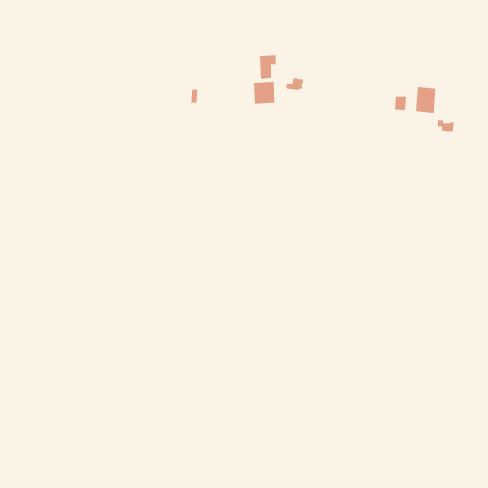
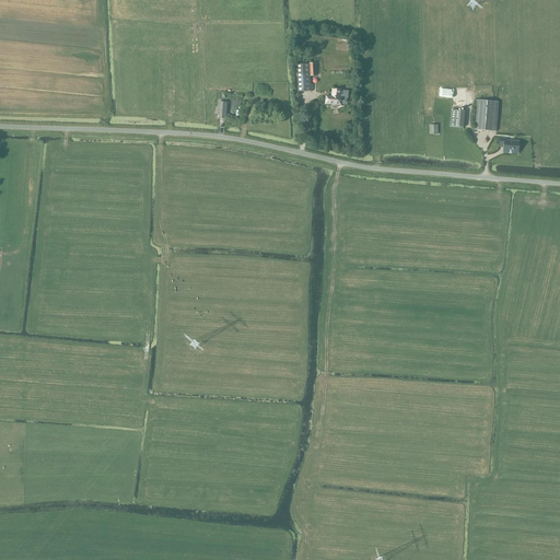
building: [253,81,275,105] -> none

